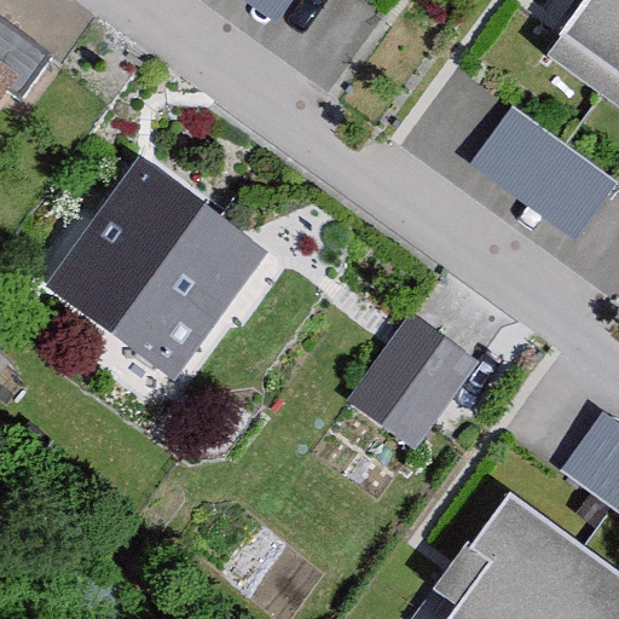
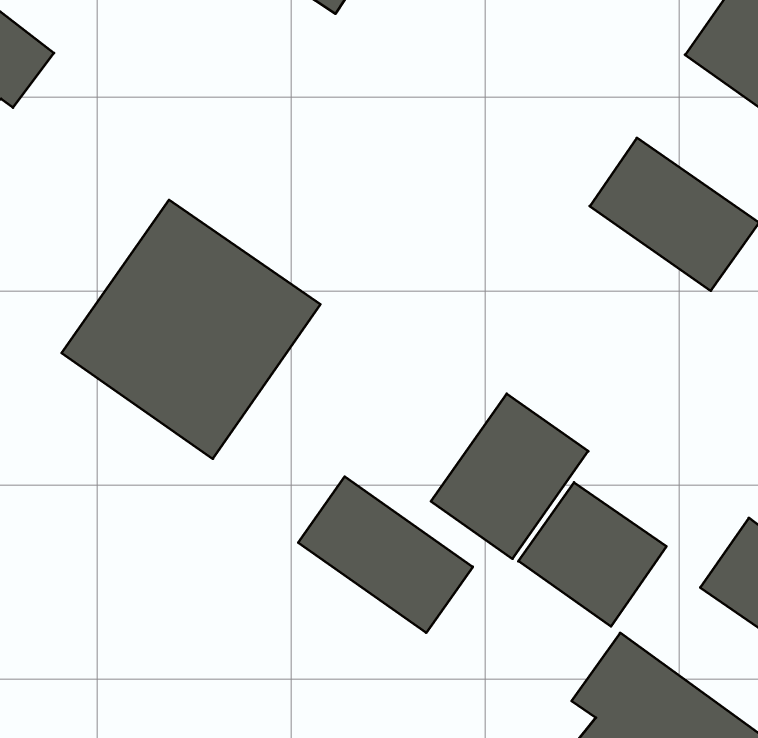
building: none -> [298,477,473,633]
building: none -> [518,482,666,626]

